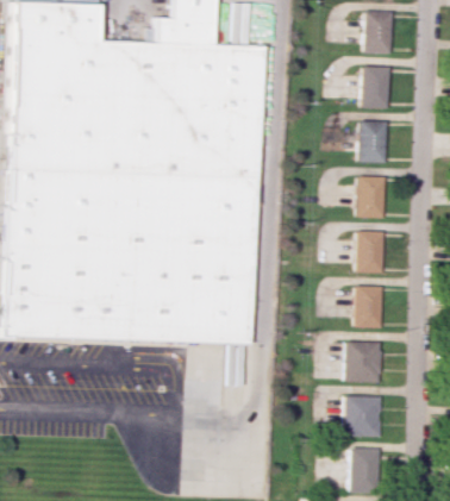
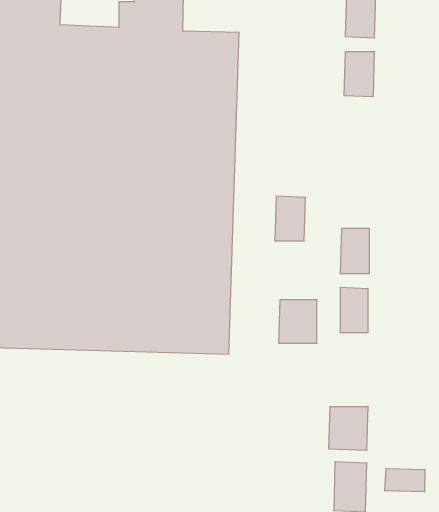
building: [358,121,387,163] -> none
building: [357,176,386,218] -> [275,196,306,241]
building: [346,342,382,382] -> [279,300,317,343]
building: none -> [385,468,425,492]

